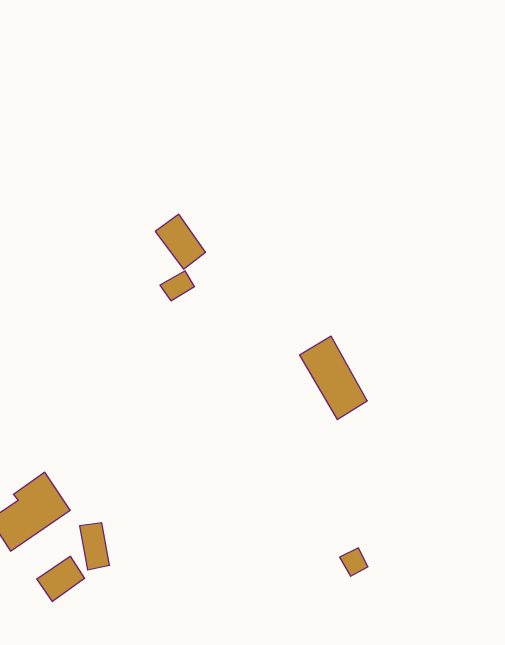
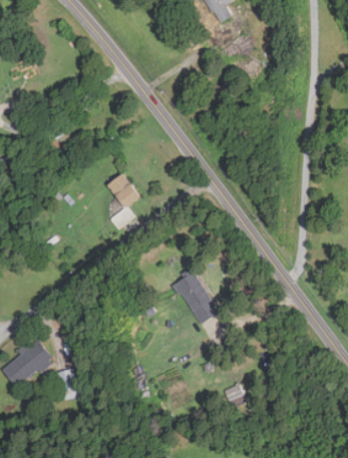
building: [300,336,367,420] -> [175,271,218,324]
building: [37,556,85,602] -> none

